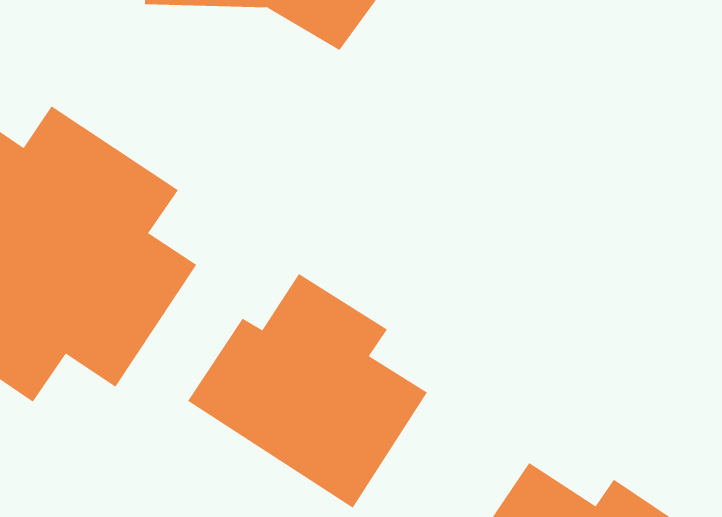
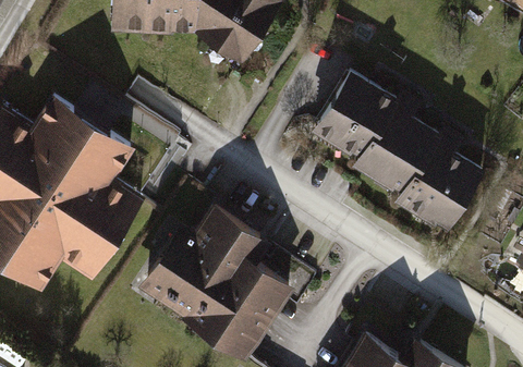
building: none -> [311,69,481,234]

